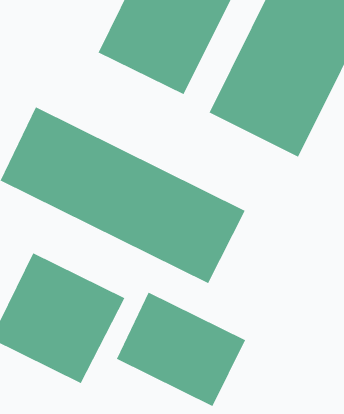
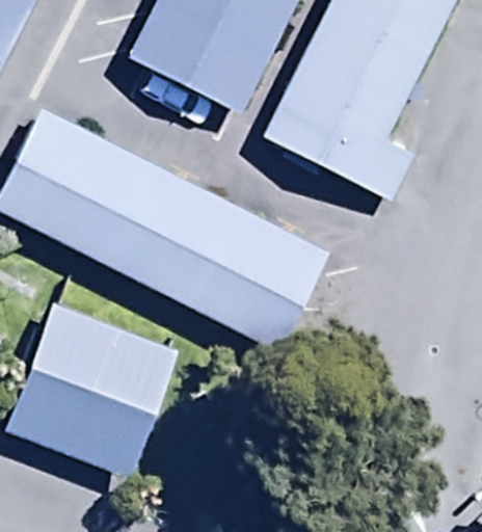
building: [116,291,246,407] -> none

